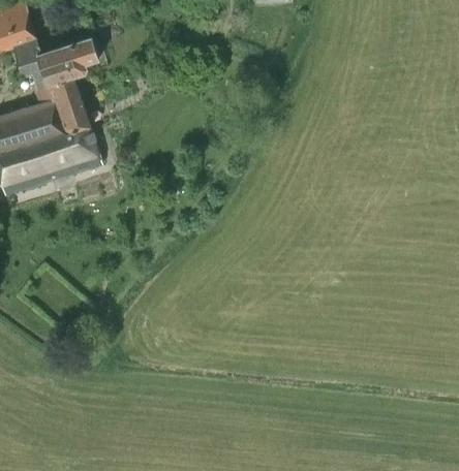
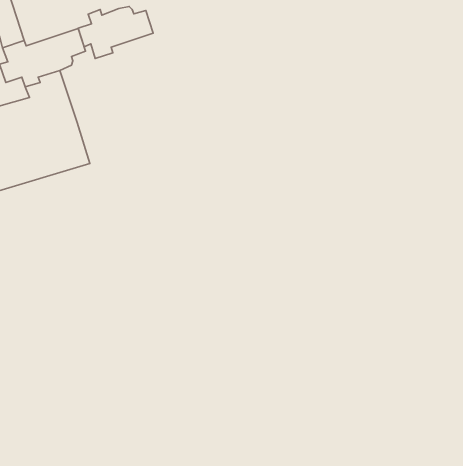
building: none -> [78,7,153,58]

